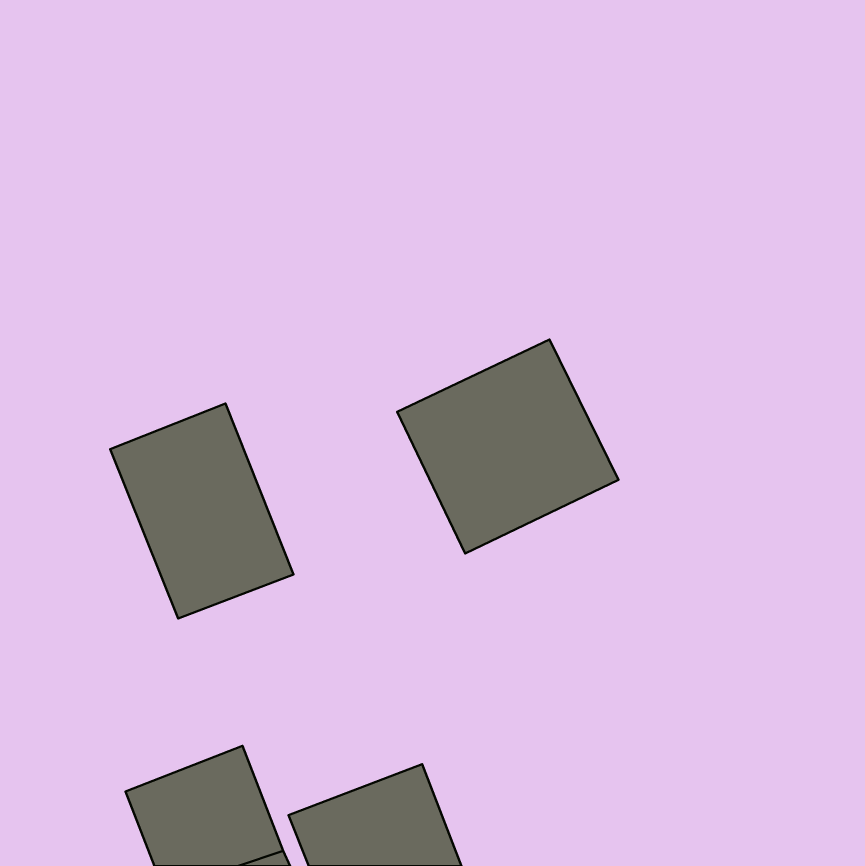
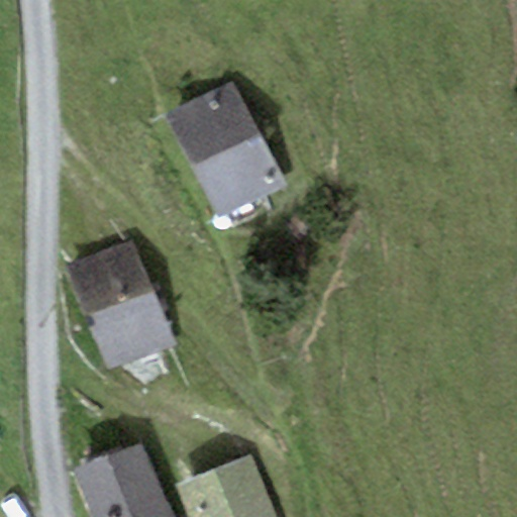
building: none -> [166,85,284,224]
building: [397,340,619,553] -> none

